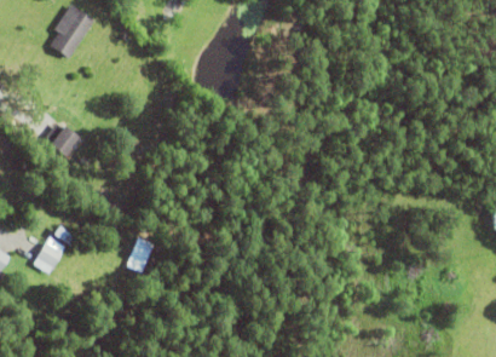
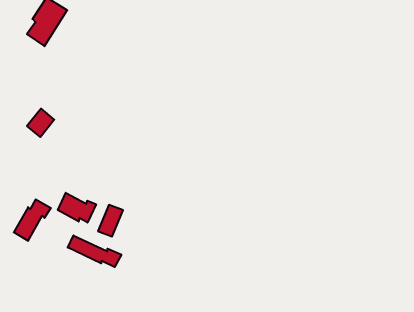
building: none -> [58,193,96,223]
building: none -> [68,235,121,267]

